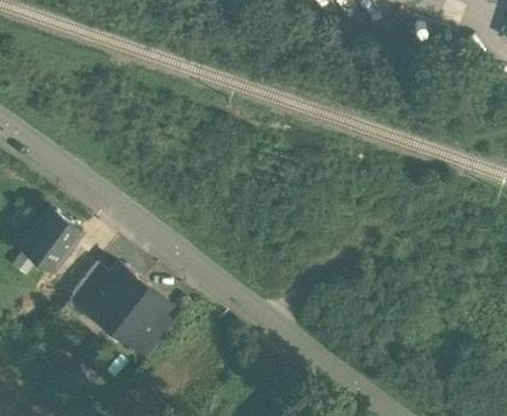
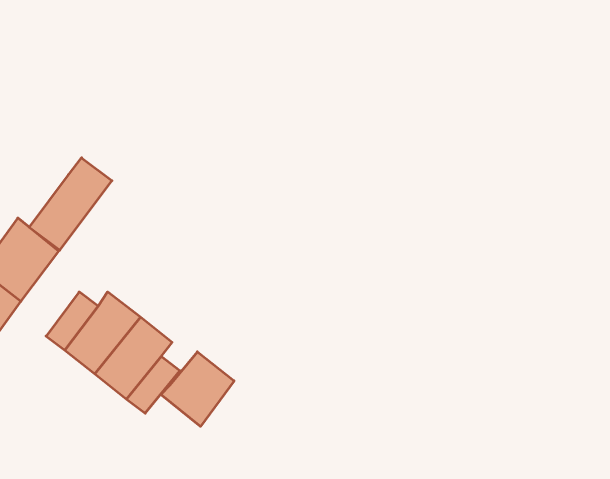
building: none -> [29,158,112,250]
building: none -> [161,352,234,426]

